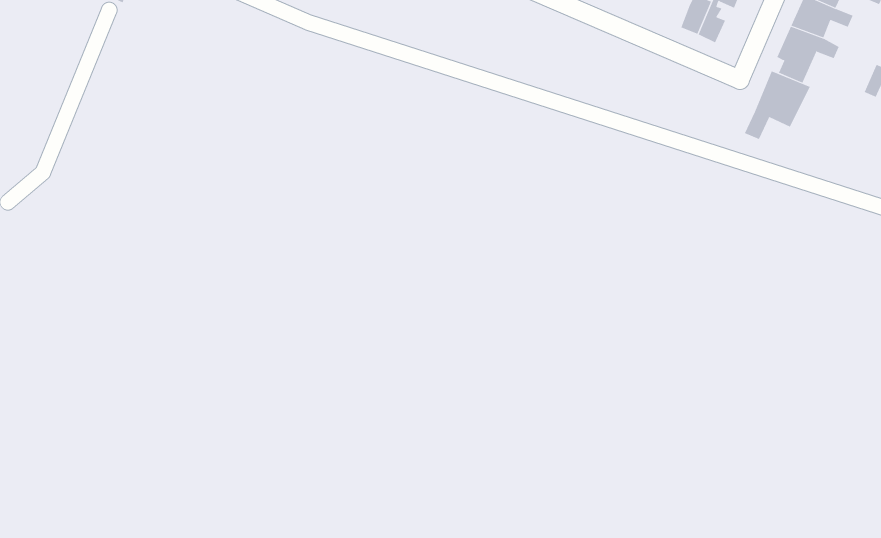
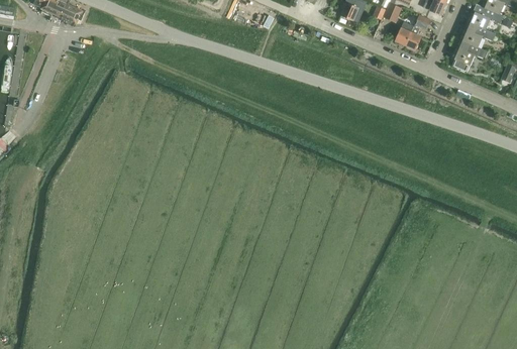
building: [744,70,810,140] -> none

